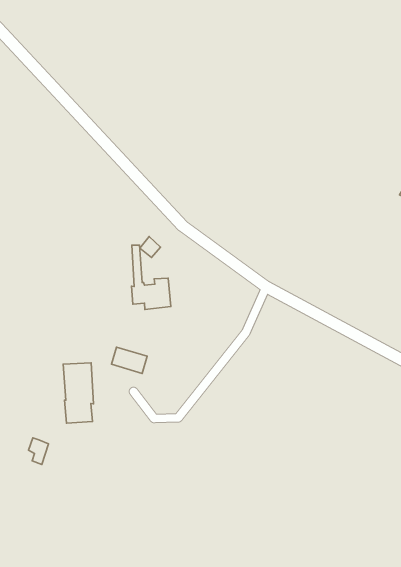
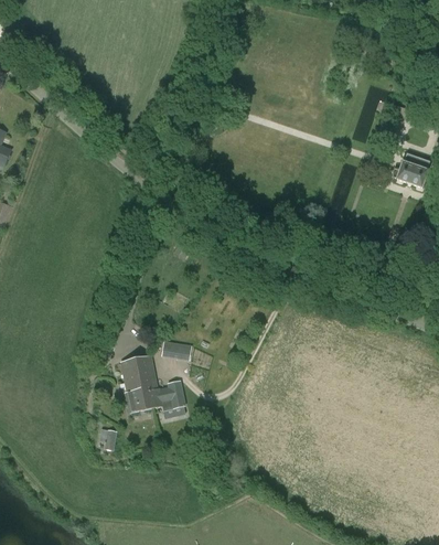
building: [132,245,171,310] -> [144,355,185,410]

